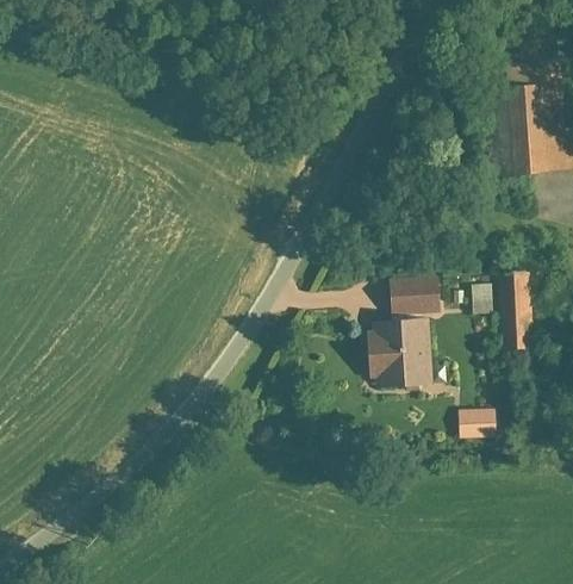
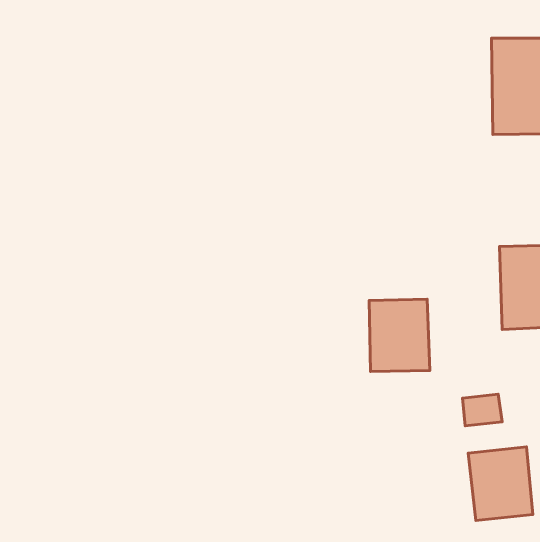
building: [392,274,447,310] -> none
building: none -> [468,447,533,520]

